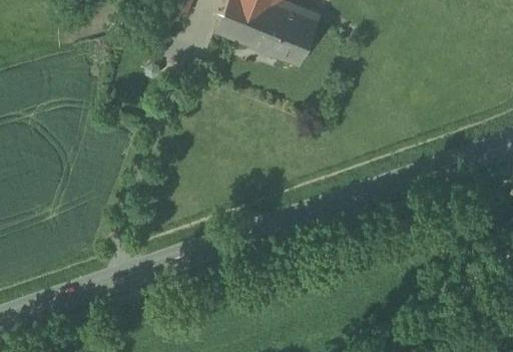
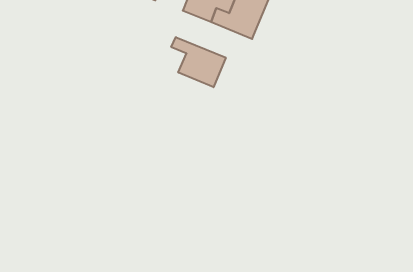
building: none -> [171,37,226,87]

